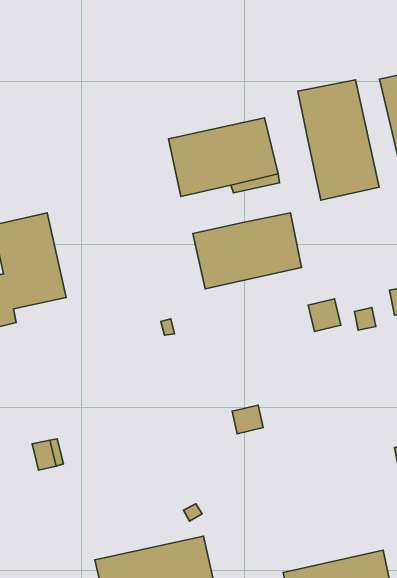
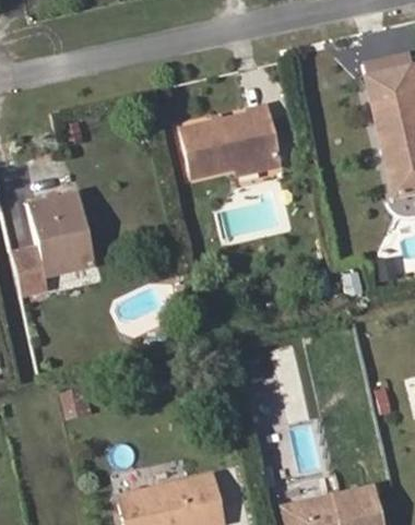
building: [298,80,379,200] -> none
building: [193,213,301,289] -> none

